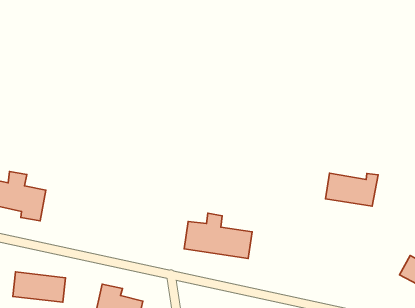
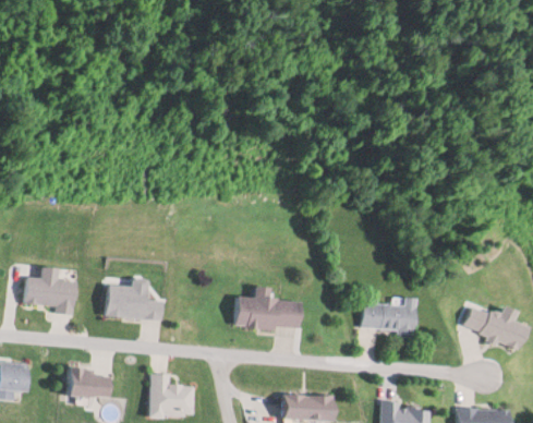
building: [325,173,378,206] -> [362,299,414,333]
building: none -> [106,279,166,321]

